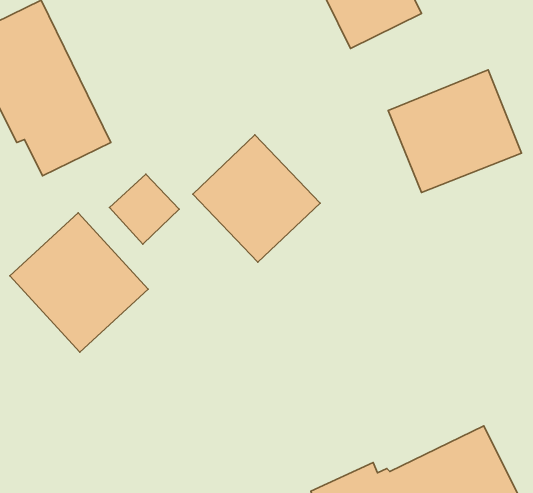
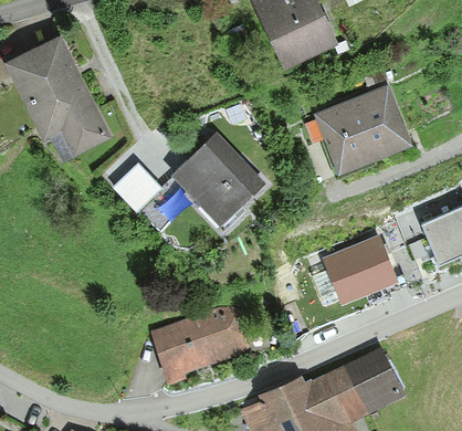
building: [10,213,148,352] -> none
building: none -> [323,238,398,306]
building: none -> [150,305,246,381]

